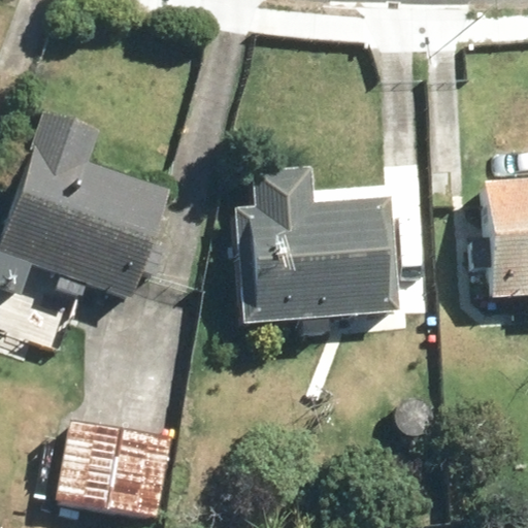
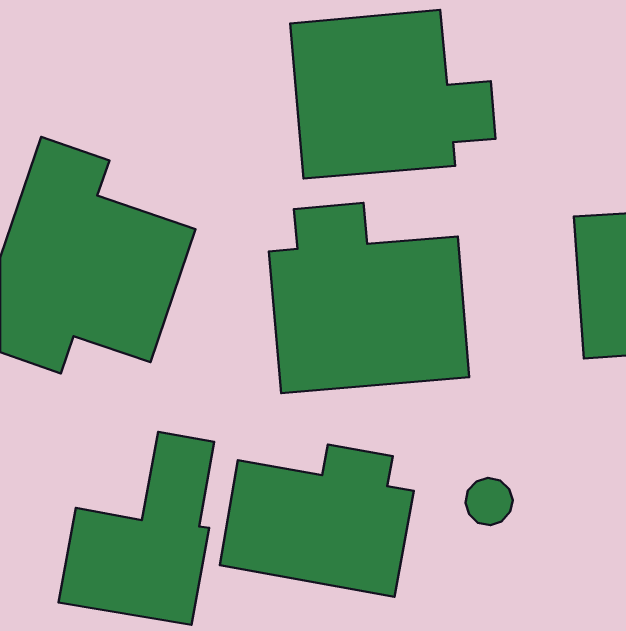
building: none -> [290,10,496,179]
building: none -> [220,444,414,597]

